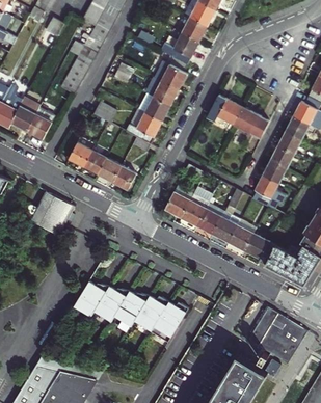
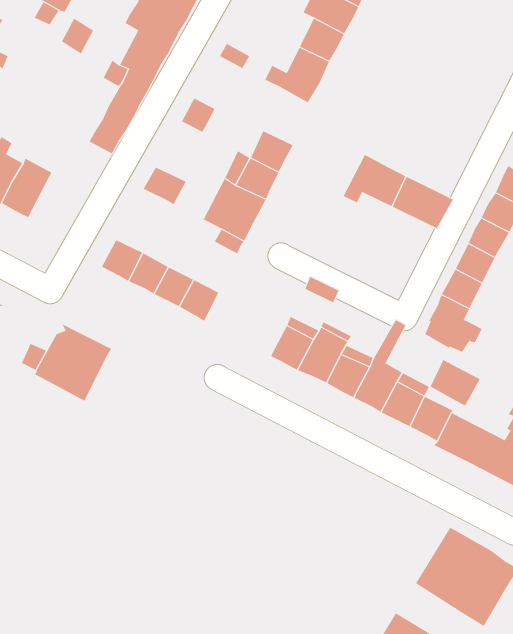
building: [154,56,186,89] -> none
building: [26,107,55,139] -> none
building: none -> [430,359,480,406]
building: [72,281,189,344] -> none

